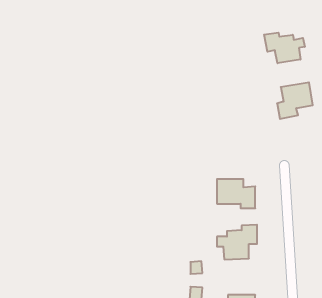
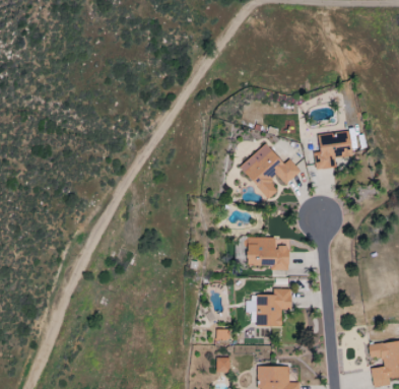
building: [264,33,305,63] -> none
building: none -> [241,143,302,199]

